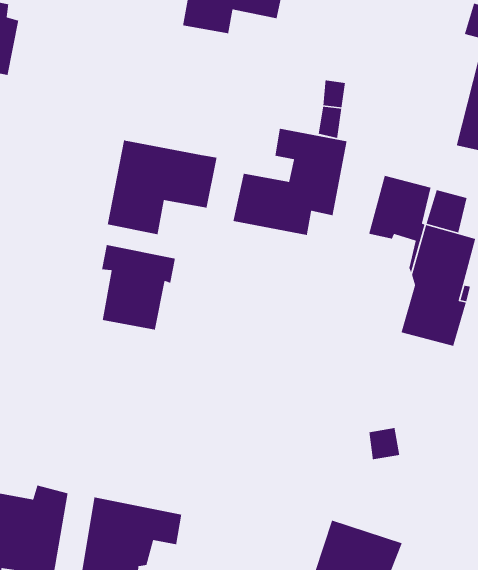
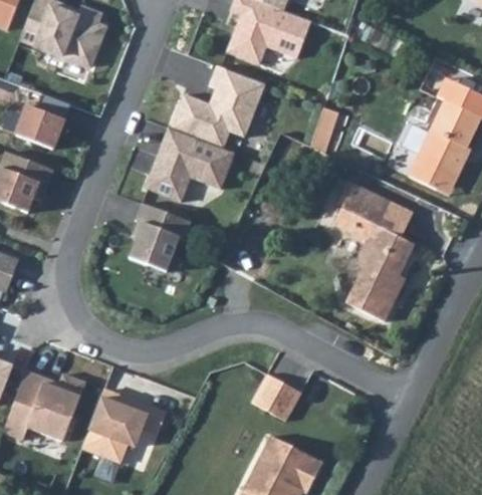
building: [232,128,347,236] -> [170,68,264,151]
building: none -> [251,373,301,419]

